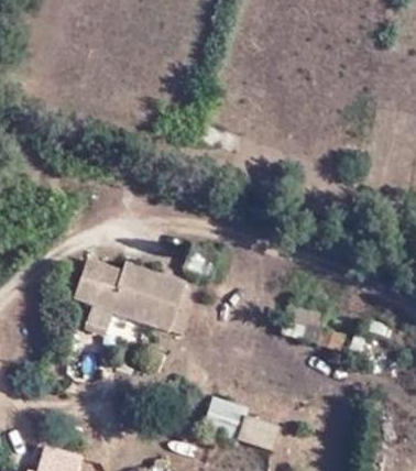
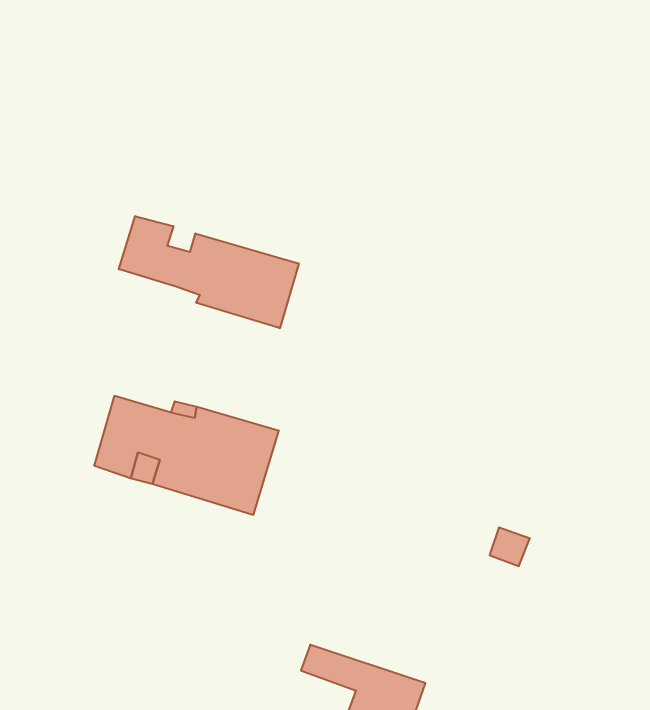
building: none -> [119,216,299,328]

